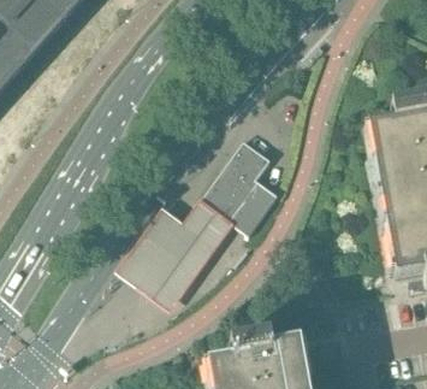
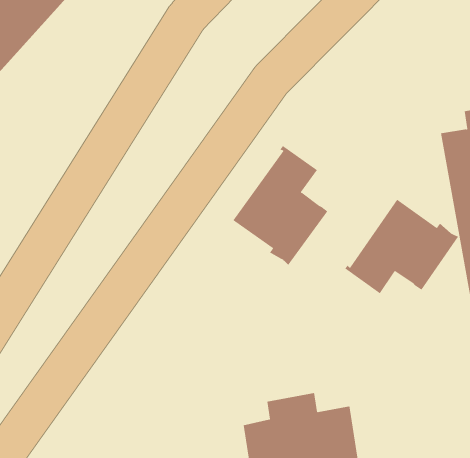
building: none -> [344,199,459,294]
building: [119,191,236,303] -> none

